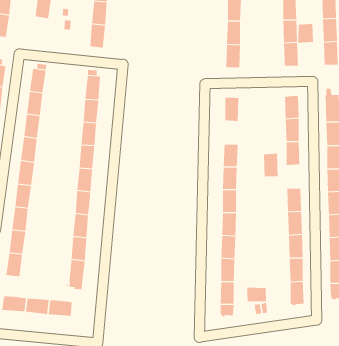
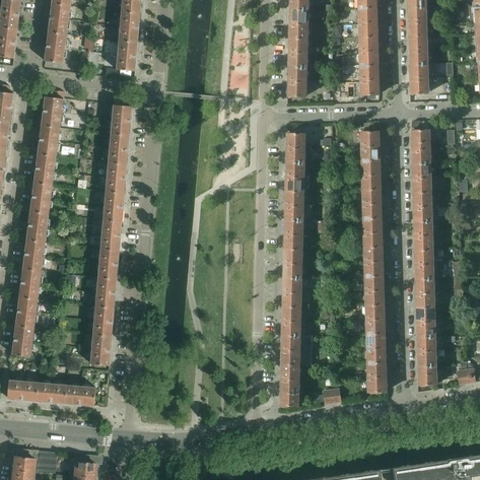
building: none -> [46,31,67,63]
building: [298,23,314,43] -> none
building: none -> [285,161,303,191]
building: [263,153,278,177] -> [362,216,382,246]
building: [247,287,266,302] -> none

